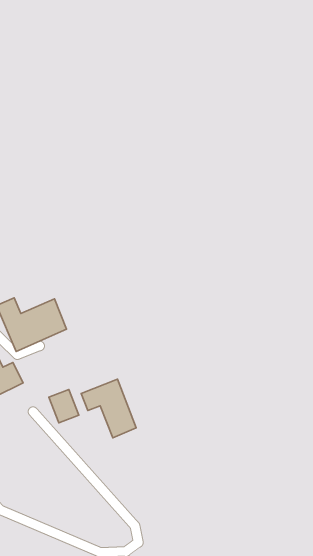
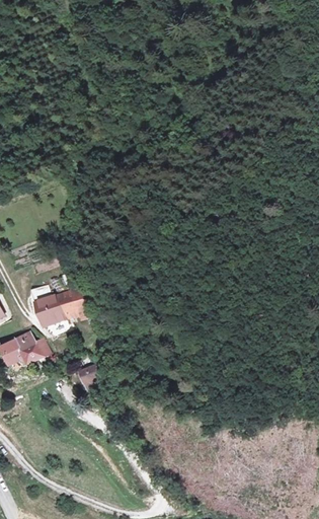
building: [81,379,136,438] -> none

